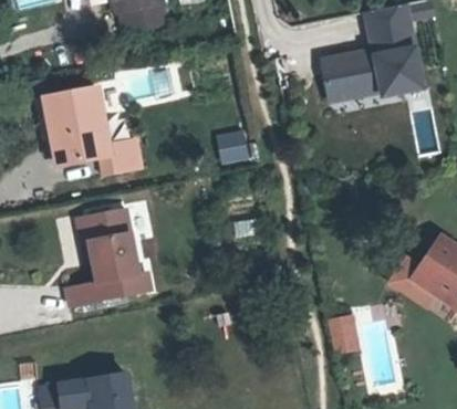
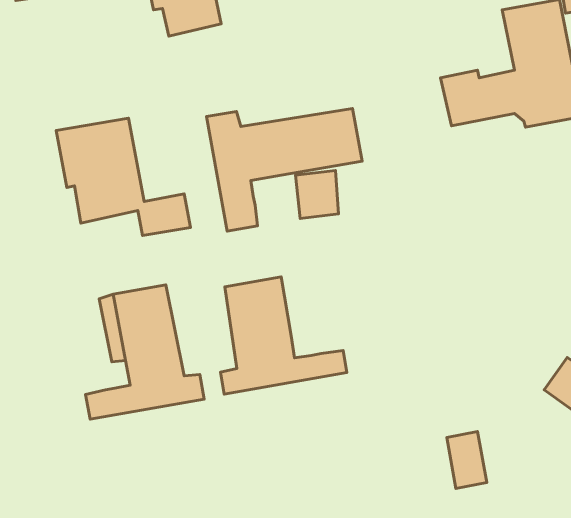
building: none -> [206,109,362,231]
building: none -> [221,277,347,394]

